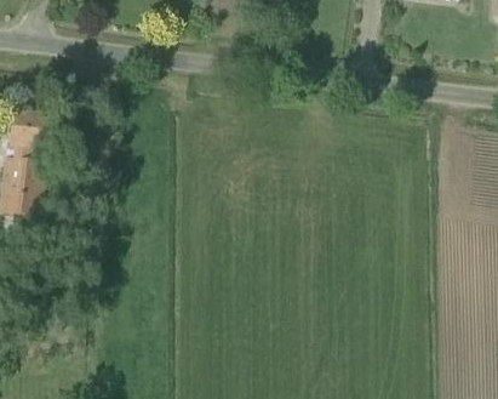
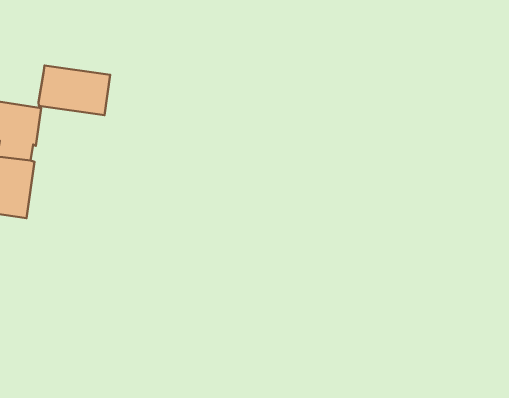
building: none -> [39,66,110,115]

